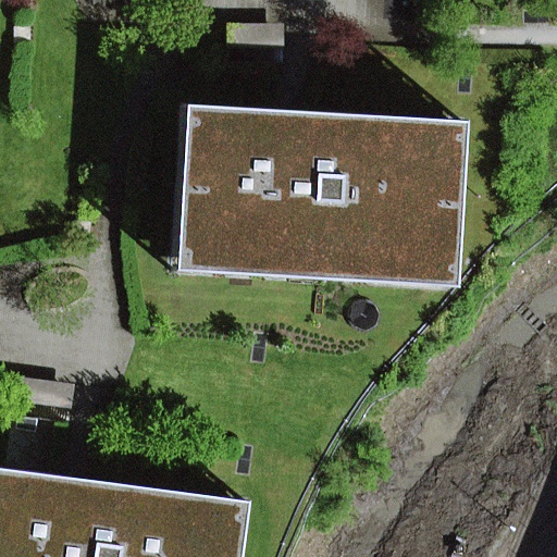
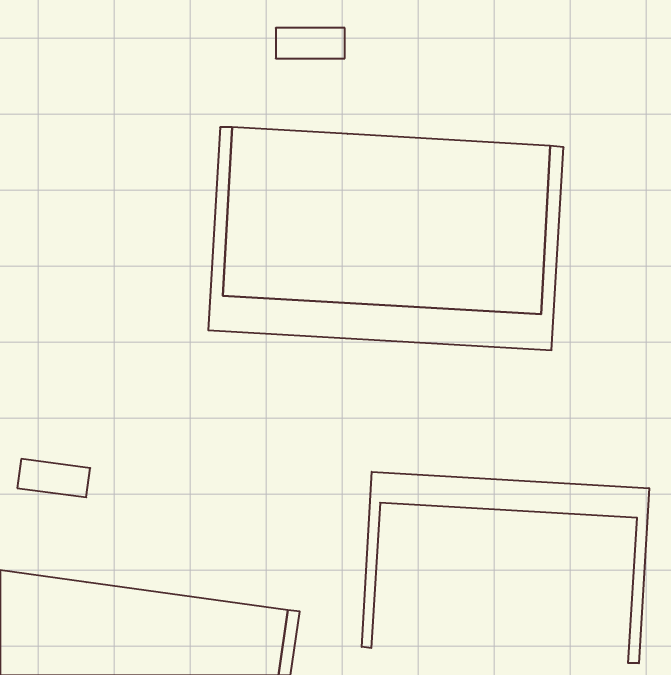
building: none -> [362,472,649,663]

